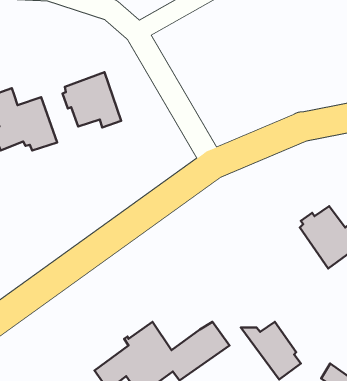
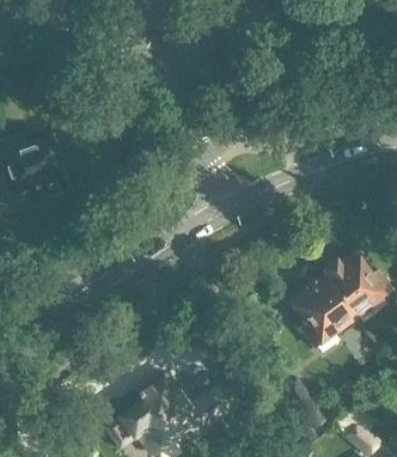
building: [63,72,121,128] -> none
building: none -> [289,276,353,347]

